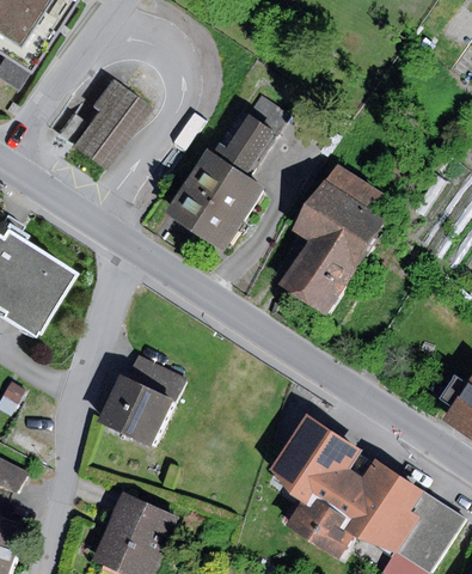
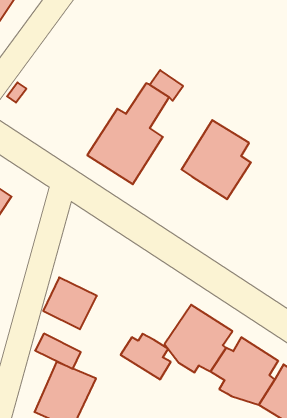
building: [68,78,149,170] -> none
building: [278,240,354,315] -> none
building: [125,355,188,403] -> [35,334,81,369]
building: [286,497,354,560] -> [121,334,171,379]

